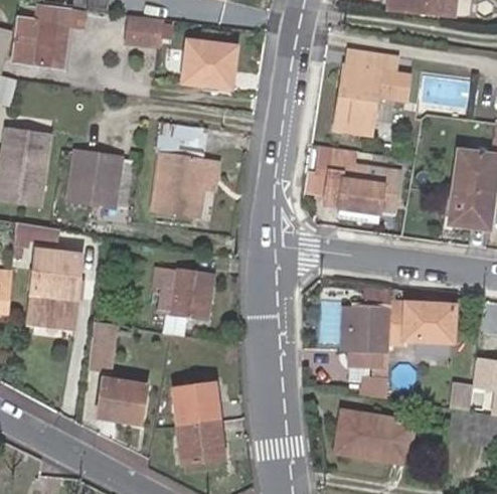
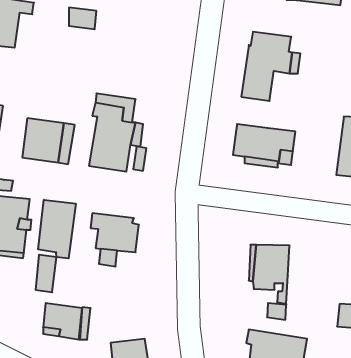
building: [182,43,235,89] -> none
building: none -> [38,200,76,258]
building: [391,304,456,345] -> none
building: [173,386,218,426] -> none

